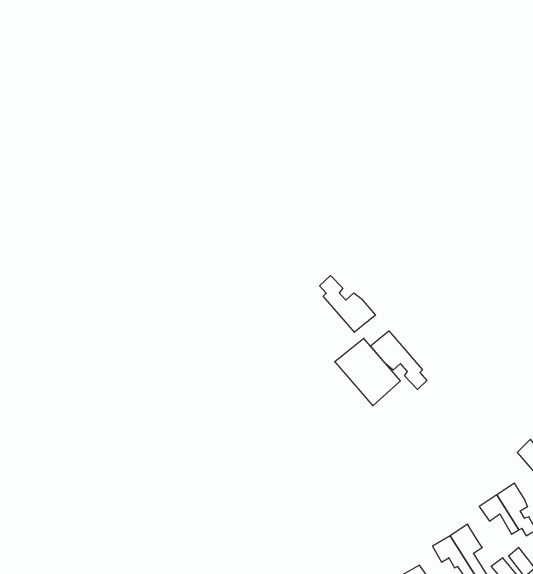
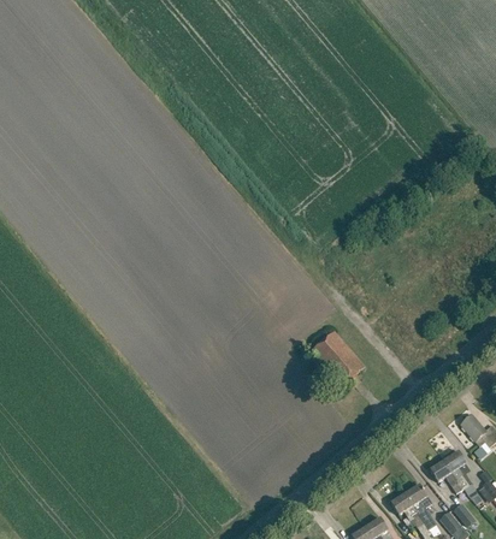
building: [320,276,375,332] -> none
building: [370,331,427,389] -> none

